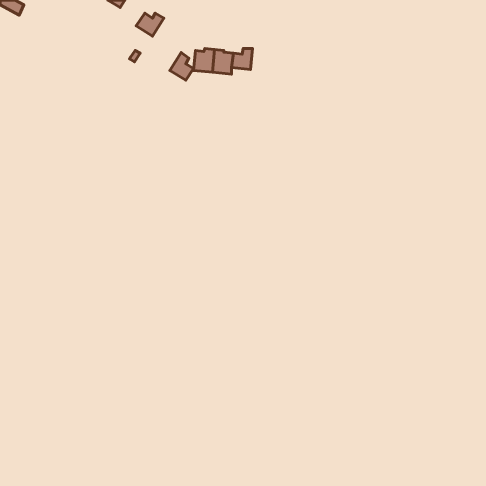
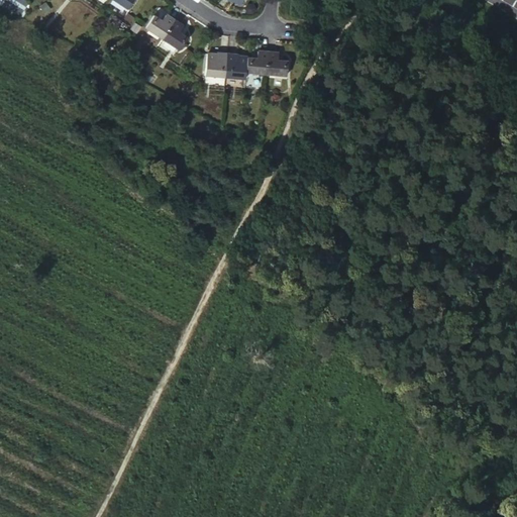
building: none -> [267,51,288,76]
building: [170,52,194,80] -> [163,19,188,48]

